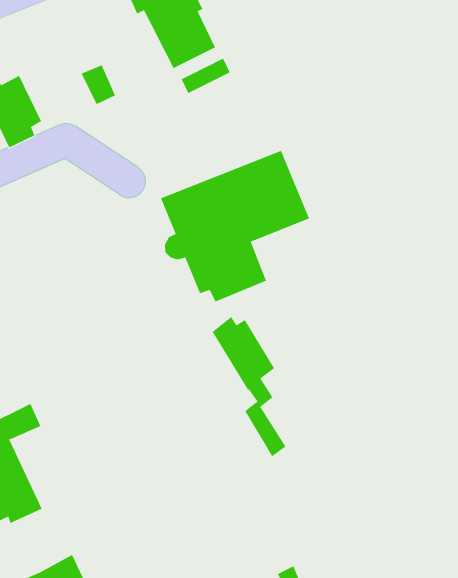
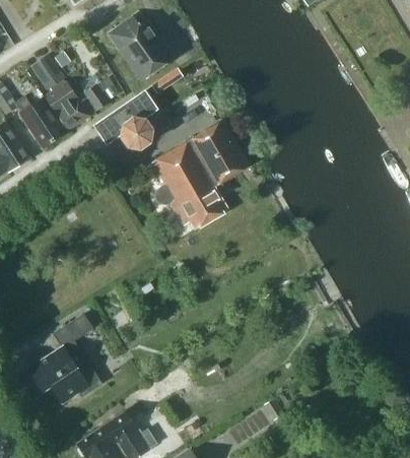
building: none -> [29,53,88,131]
building: none -> [94,90,157,149]
building: [212,316,286,457] -> none

